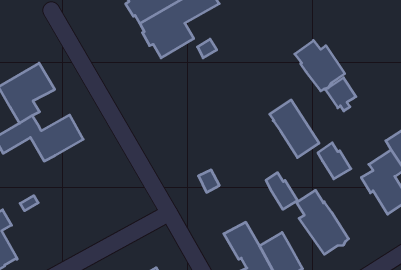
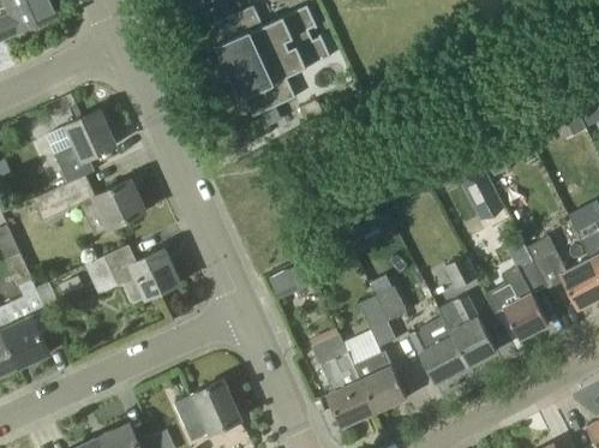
building: [295,40,345,91] -> none
building: [270,100,319,158] -> [437,293,496,366]
building: none -> [85,245,179,305]
building: none -> [358,295,395,347]

